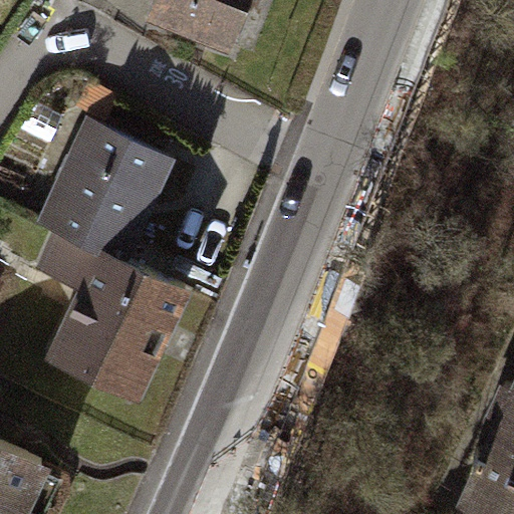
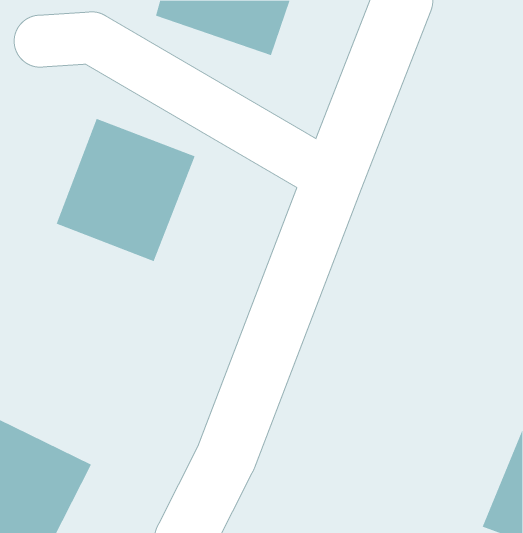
building: [36,230,186,404] -> none

